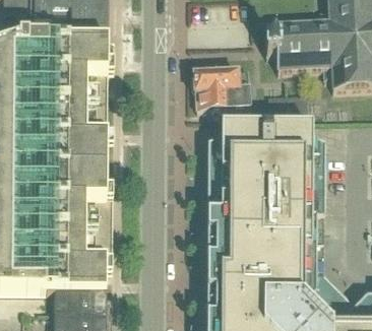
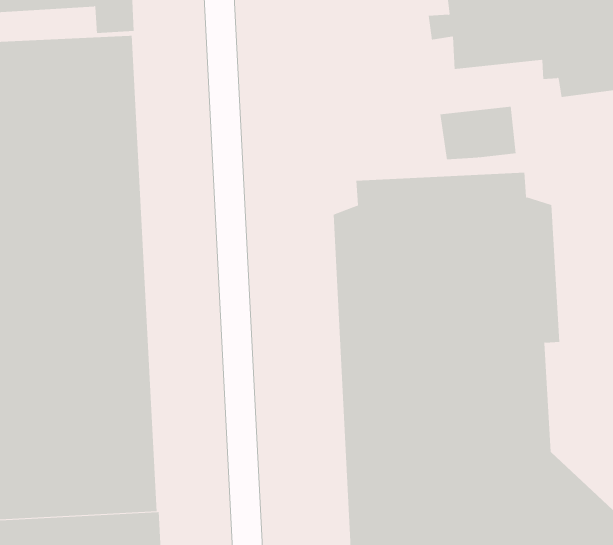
building: [192,65,250,107] -> none

